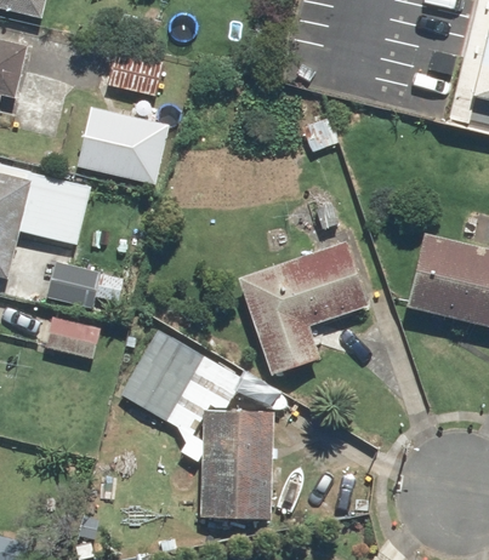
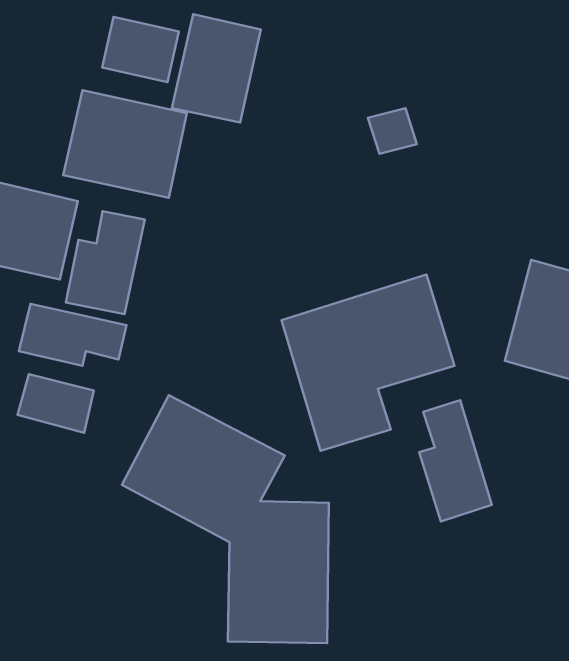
building: none -> [172,14,261,123]
building: none -> [66,211,145,314]
building: none -> [419,400,492,522]

